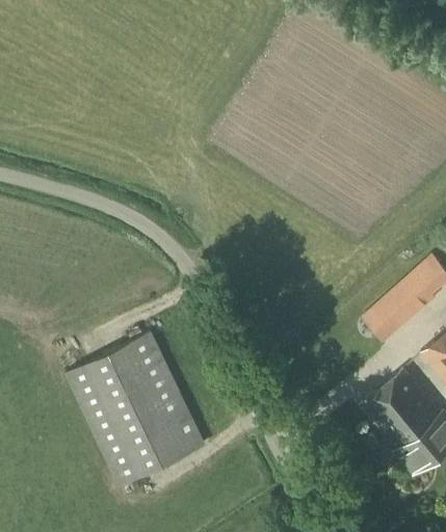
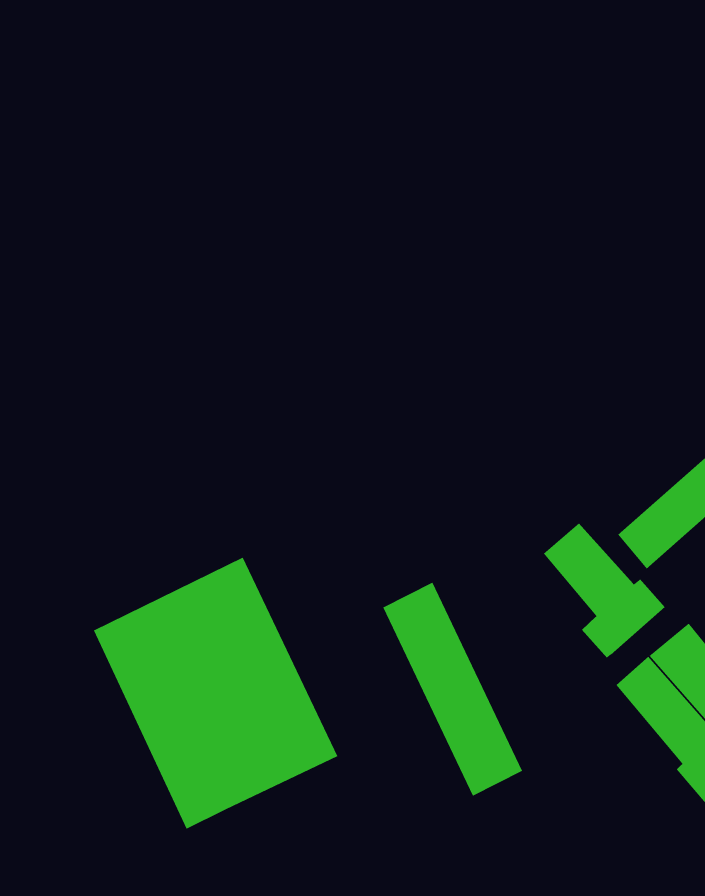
building: none -> [543,523,666,658]
building: none -> [382,582,523,797]

